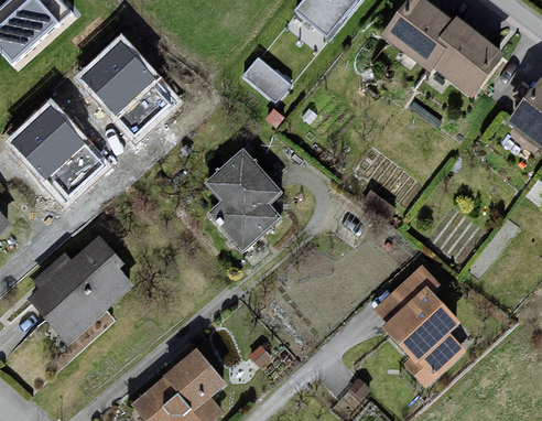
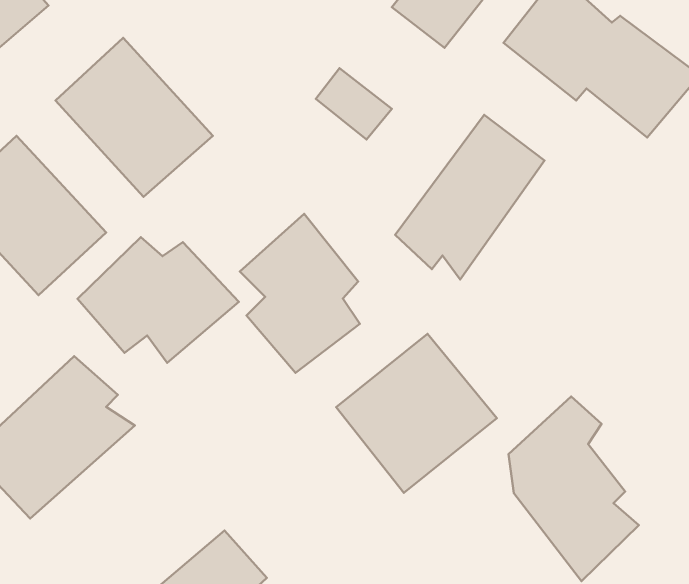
building: none -> [395,115,545,279]
building: none -> [78,237,239,363]
building: none -> [336,334,497,493]

